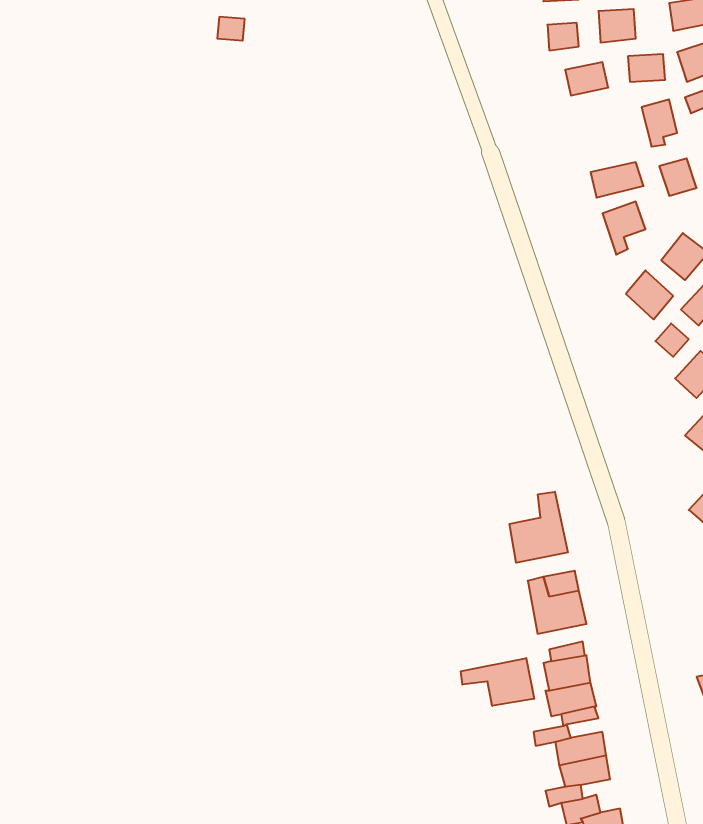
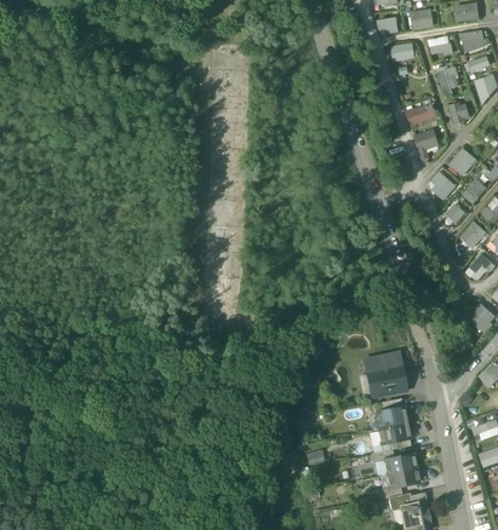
building: [509,492,568,563] -> none
building: [461,658,534,706] -> none

